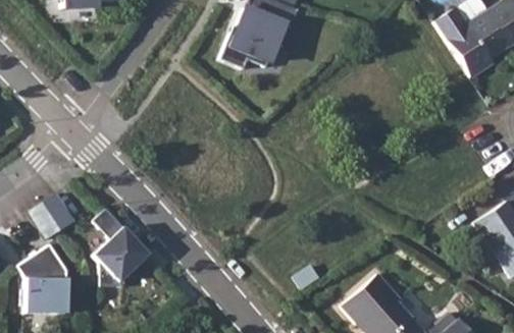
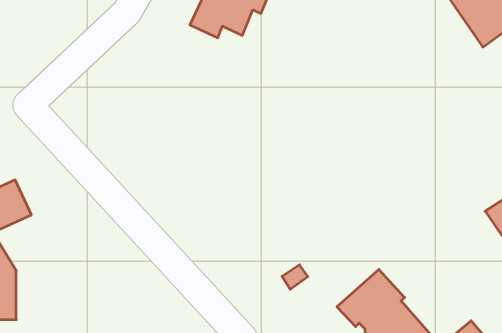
building: [93,209,148,286] -> none

